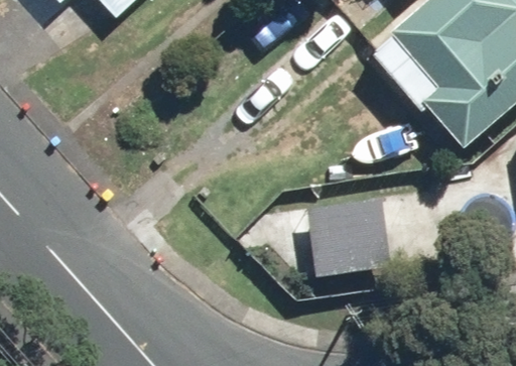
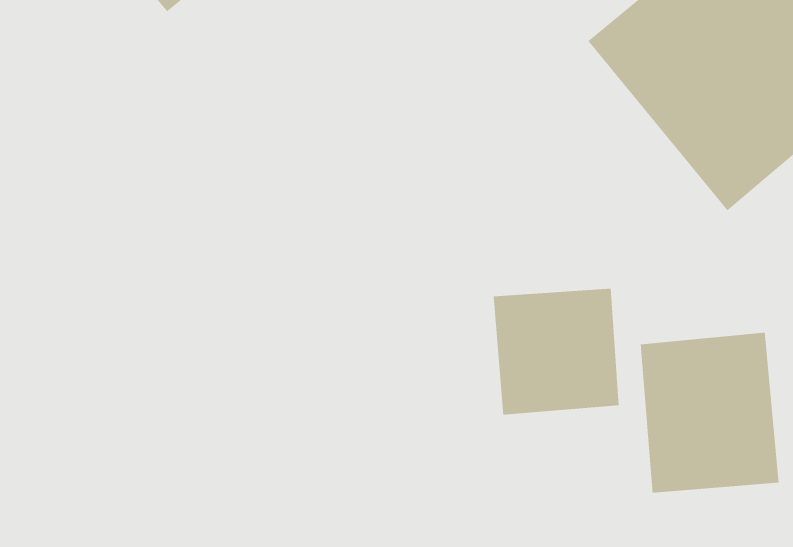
building: none -> [640,332,779,493]

